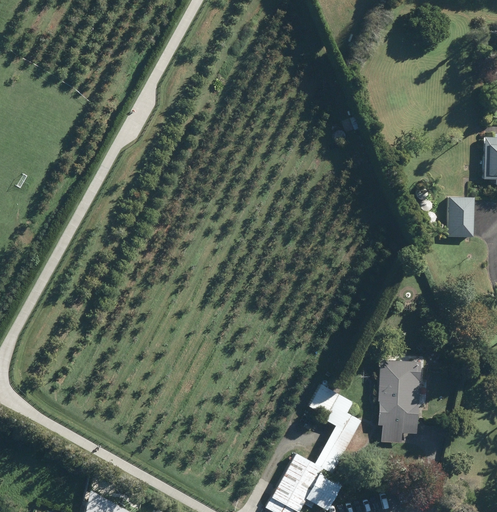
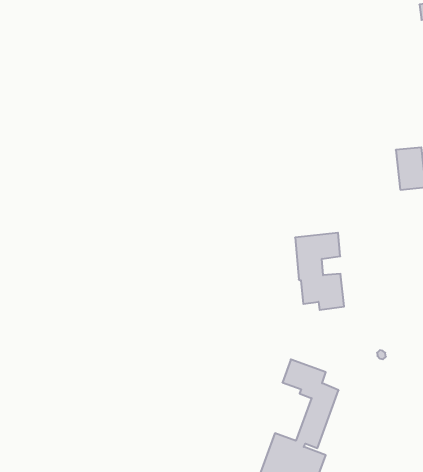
building: [377,360,421,433] -> [295,233,344,310]

